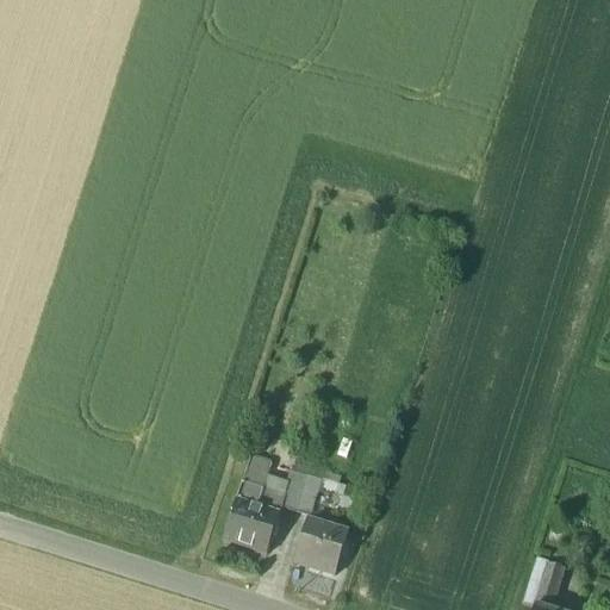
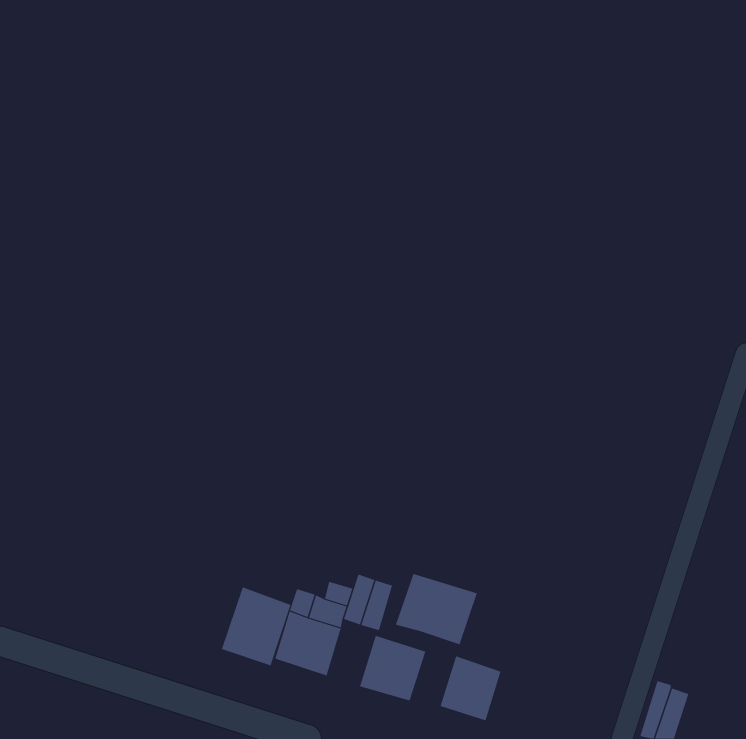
building: none -> [395,573,478,645]
building: none -> [221,586,291,666]
building: none -> [440,656,501,721]

